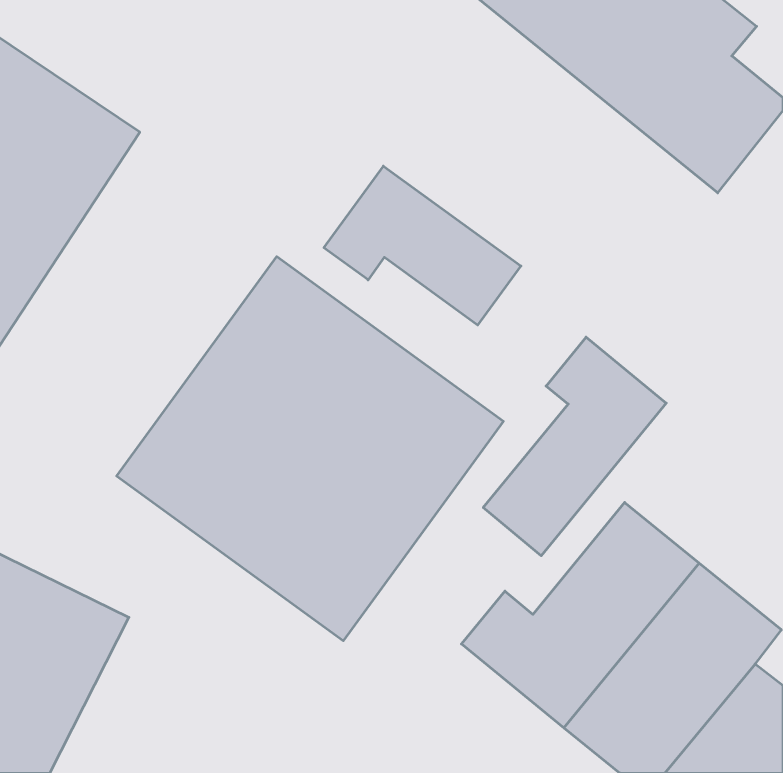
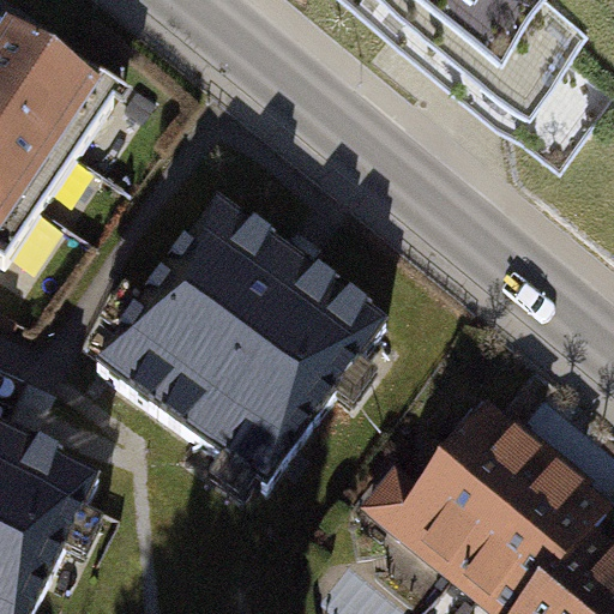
building: [324,166,521,325] -> none
building: [483,337,666,556] -> none

